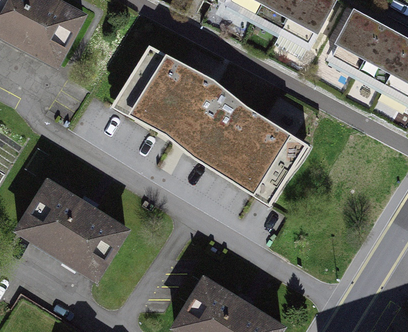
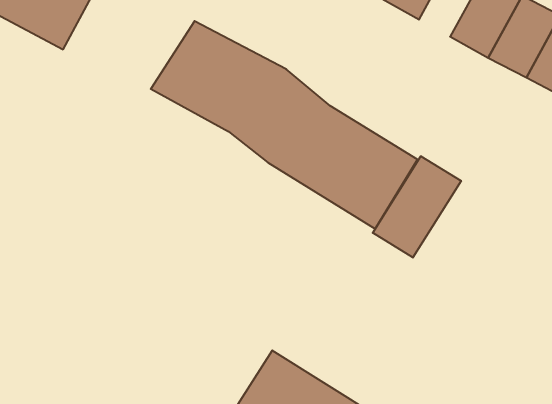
building: none -> [373,156,461,258]
building: [19,181,126,277] -> none

